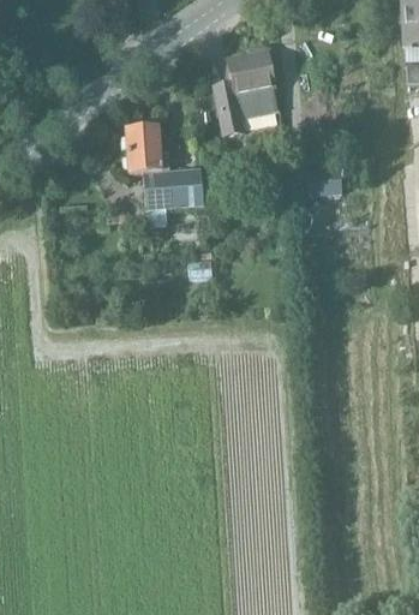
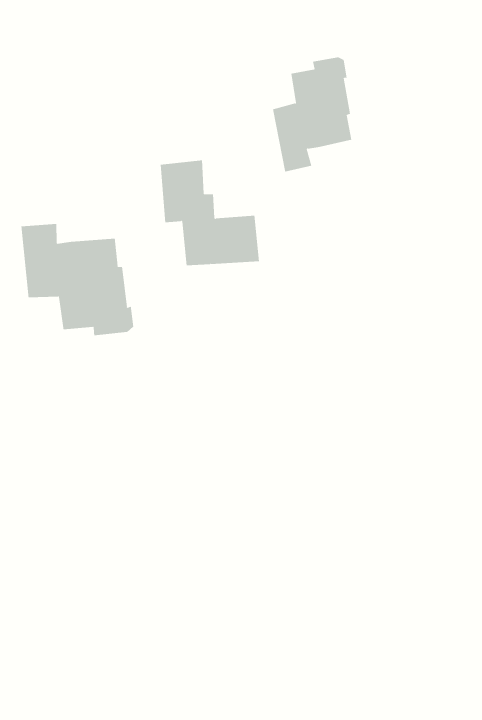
building: none -> [21,223,134,336]

